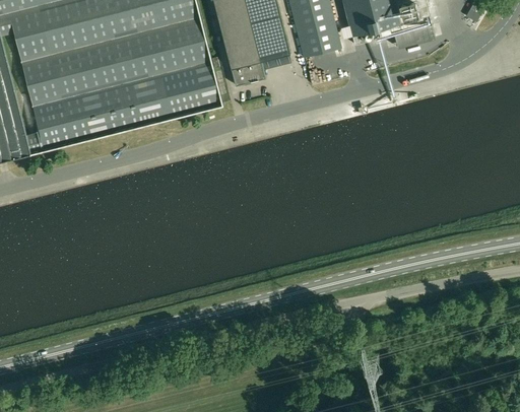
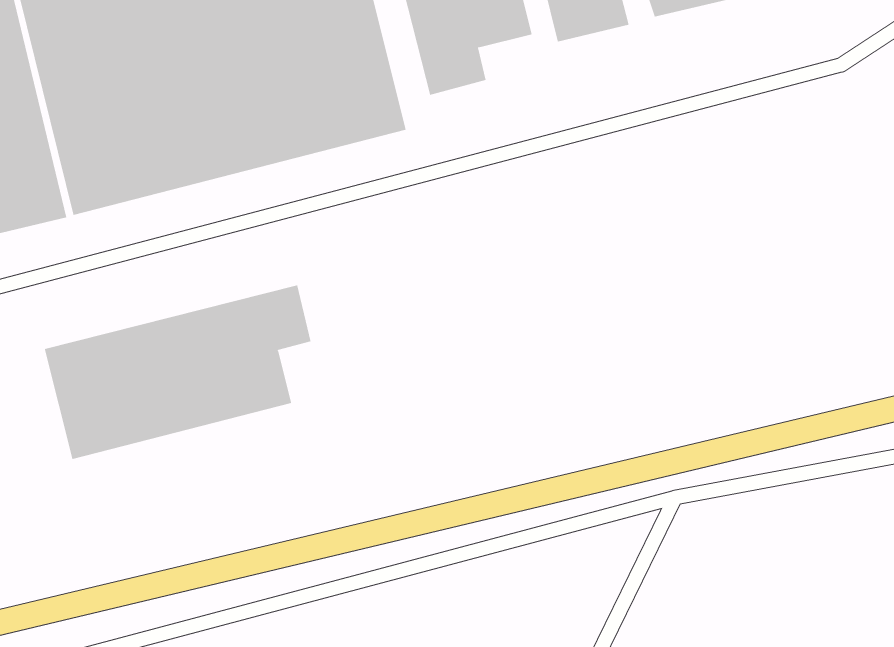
building: none -> [44,285,311,460]

